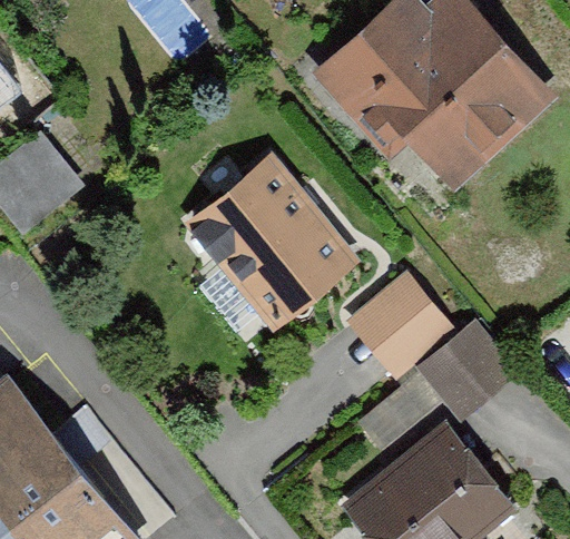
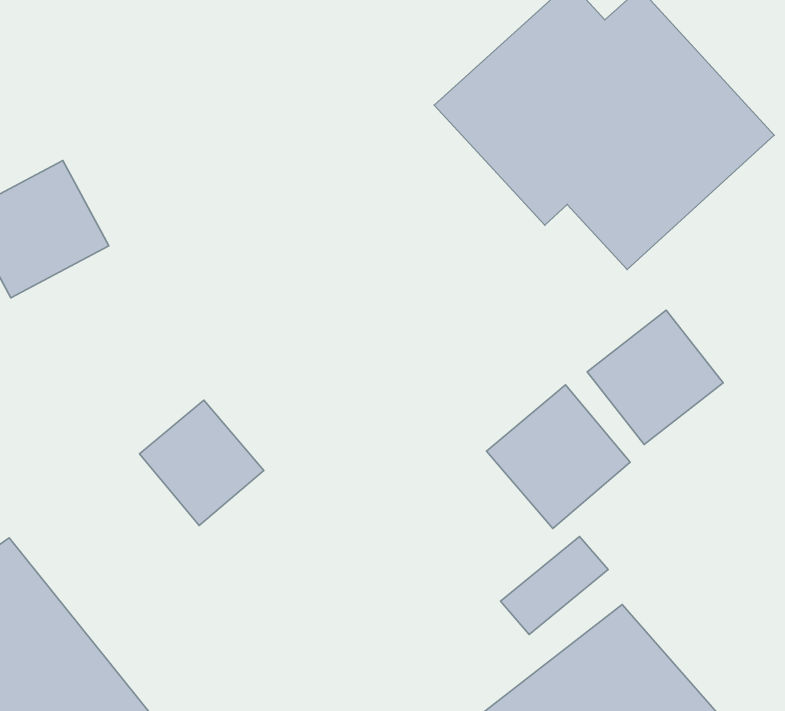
building: [185,157,357,333] -> none
building: none -> [139,400,264,526]
building: [420,325,515,420] -> [587,310,723,445]

